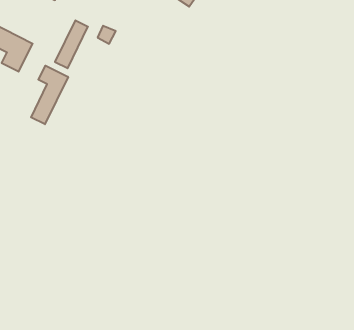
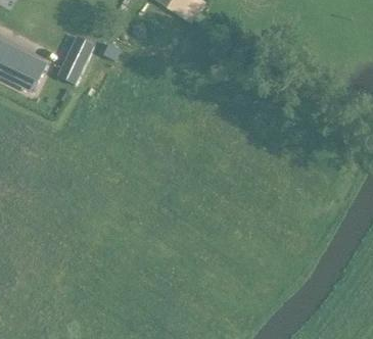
building: [31,66,68,124] -> none

